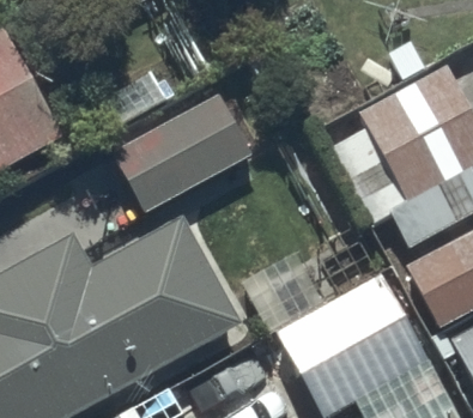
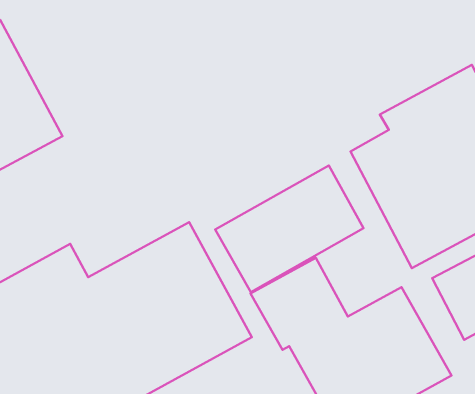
building: [113,95,251,213] -> [215,165,363,292]

